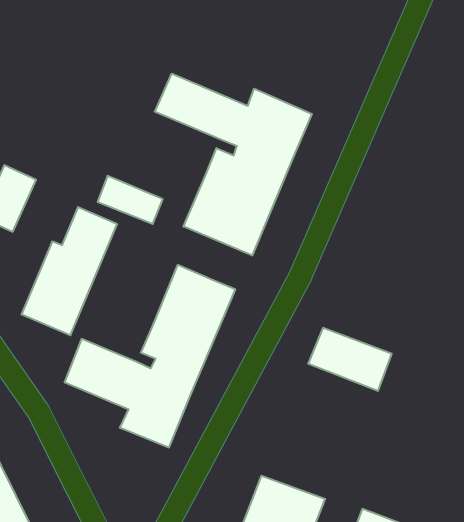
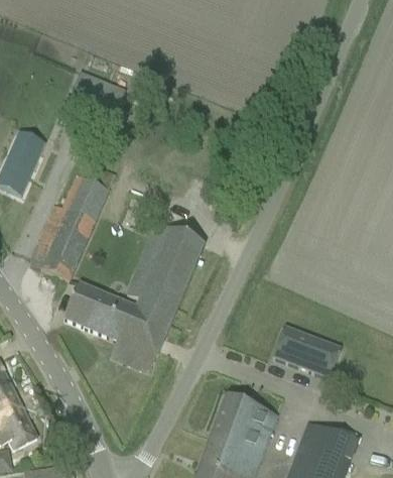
building: [155,74,312,256] -> none
building: [98,176,163,224] -> [73,69,126,108]
building: [308,328,392,391] -> [273,325,342,376]

